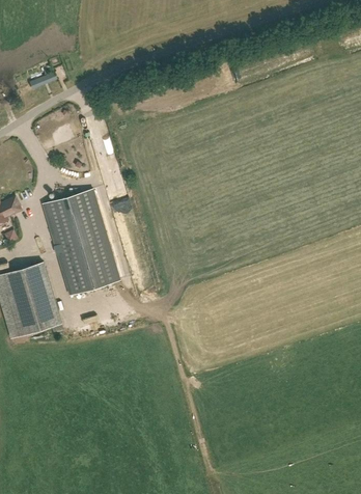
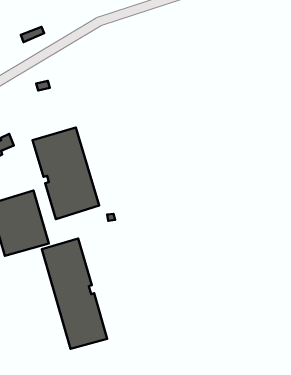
building: none -> [42,238,107,349]

